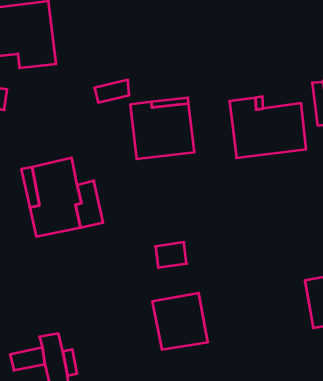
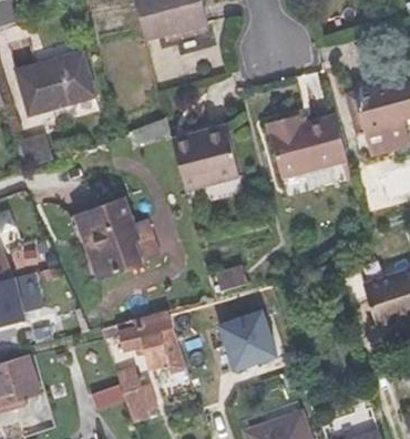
building: none -> [117,310,187,372]

